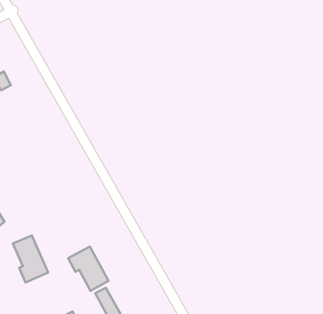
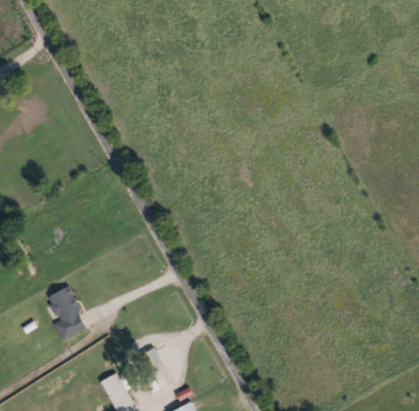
building: [68,247,109,291] -> none

